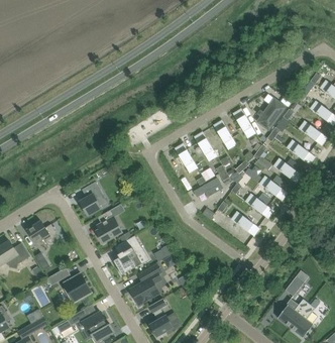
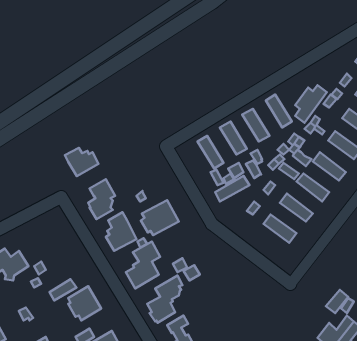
building: none -> [65,148,98,176]
building: none -> [141,200,179,235]
building: [27,221,60,245] -> none

